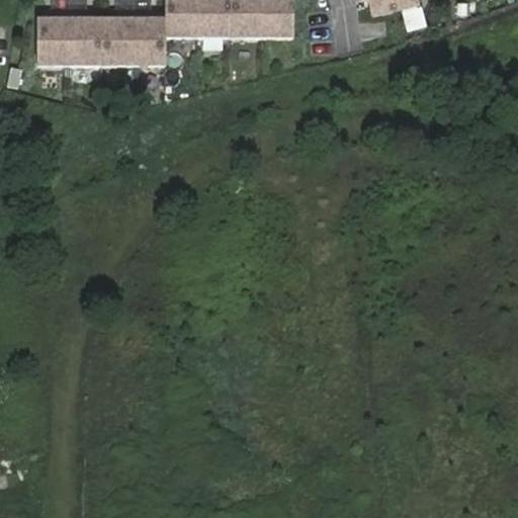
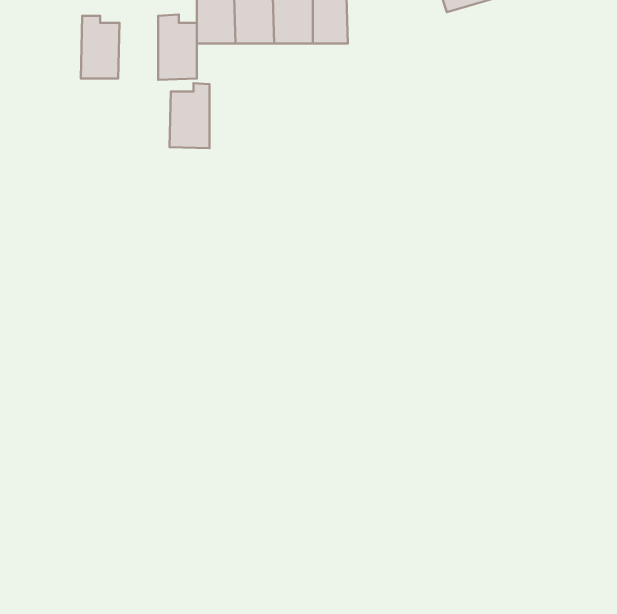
building: [99,12,133,67] -> [169,83,209,148]
building: [38,13,69,66] -> none

